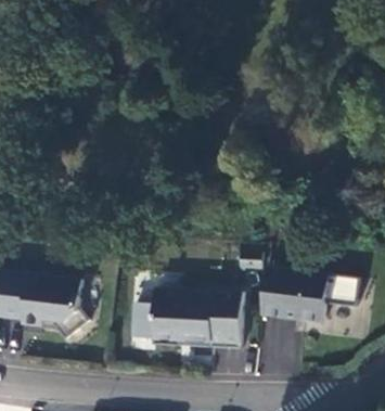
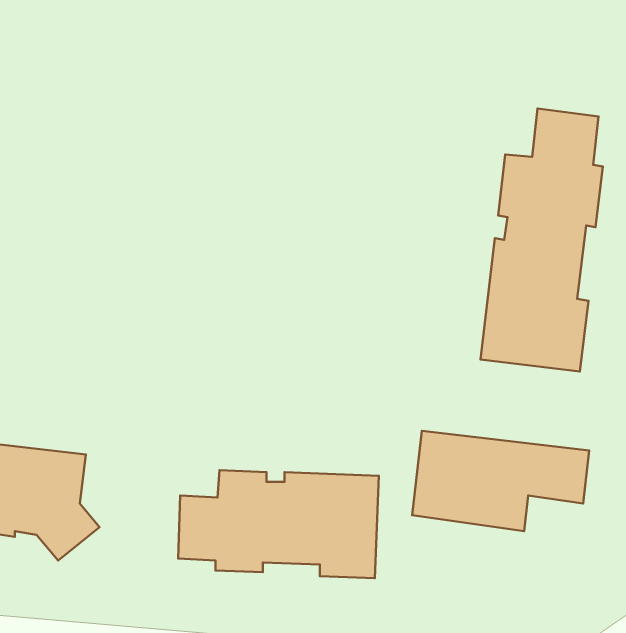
building: none -> [480,109,603,372]

